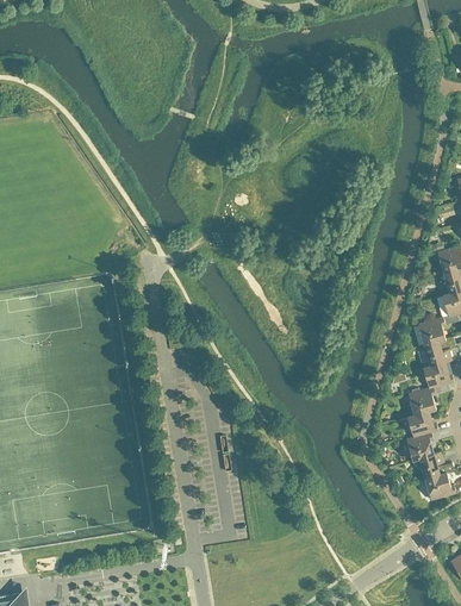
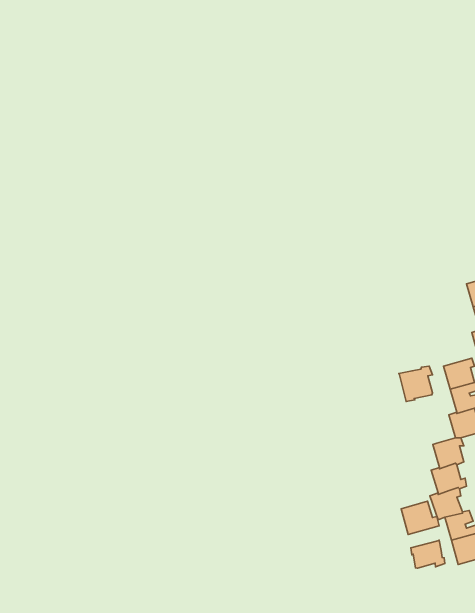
building: none -> [399,366,432,402]
building: none -> [401,501,439,534]
building: none -> [411,540,445,568]

